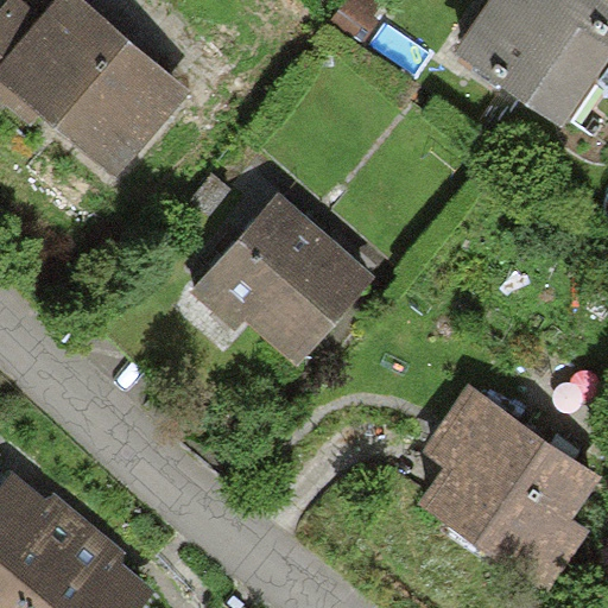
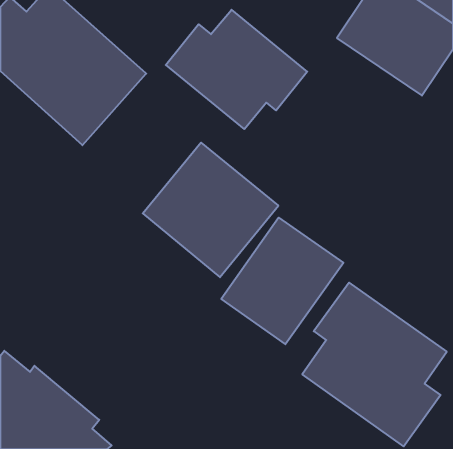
building: none -> [166,10,307,129]
building: none -> [221,218,343,344]

